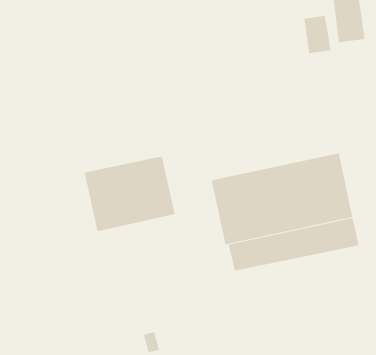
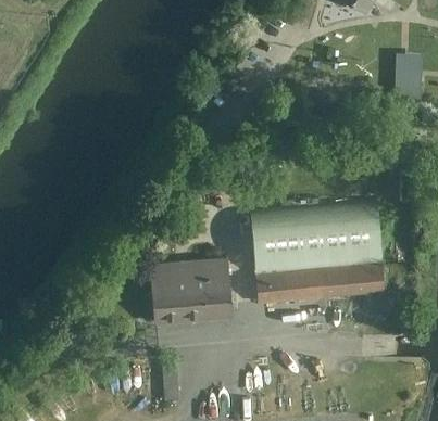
building: [304,15,331,54] -> none
building: [84,156,175,232] -> [149,259,233,324]

